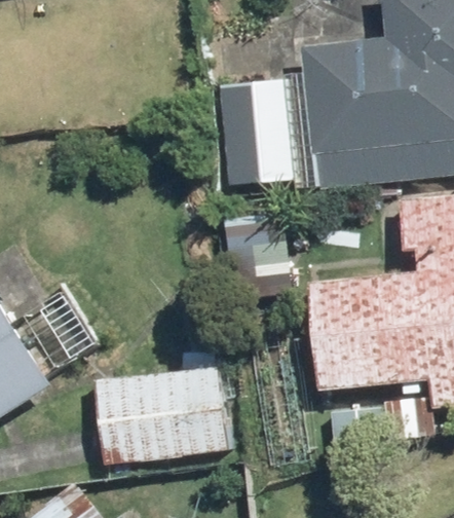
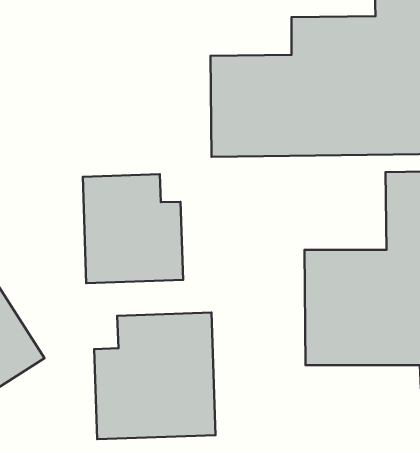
building: none -> [83,174,183,283]

